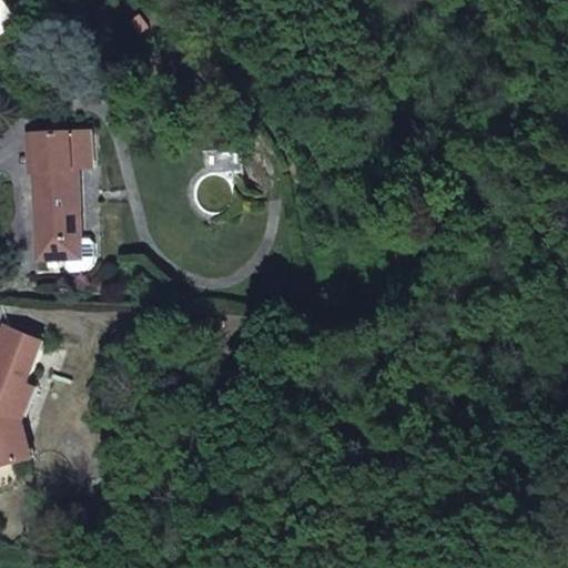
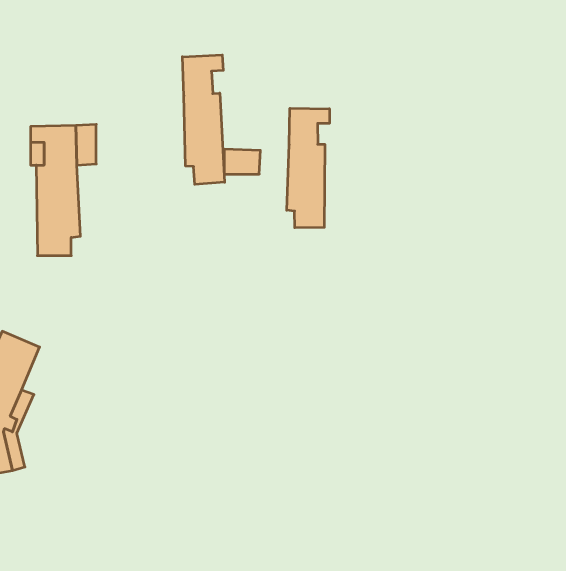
building: none -> [182,55,225,184]
building: none -> [287,108,329,228]

